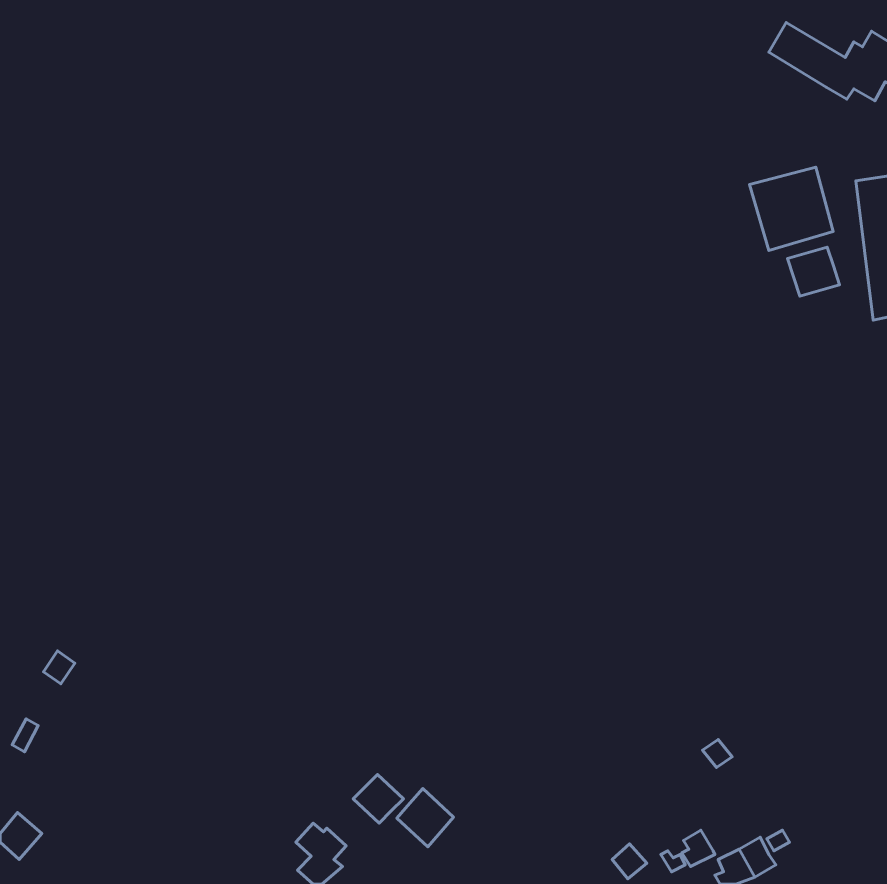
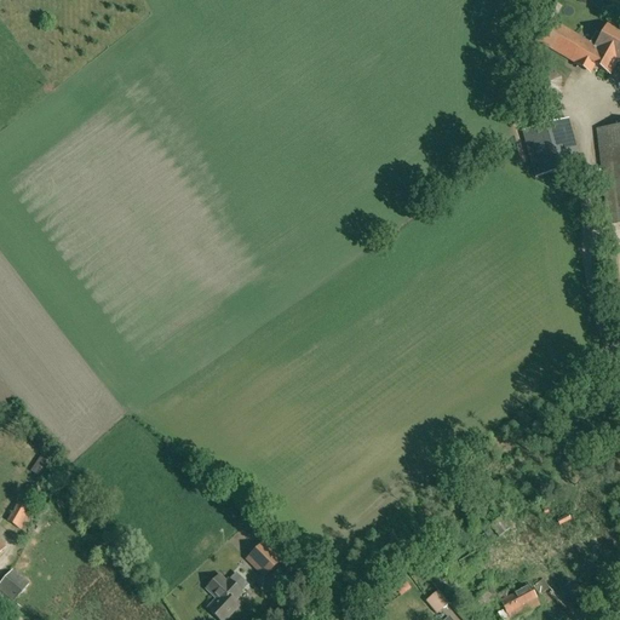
building: [787,247,840,296] -> none
building: [397,788,454,847] -> none

